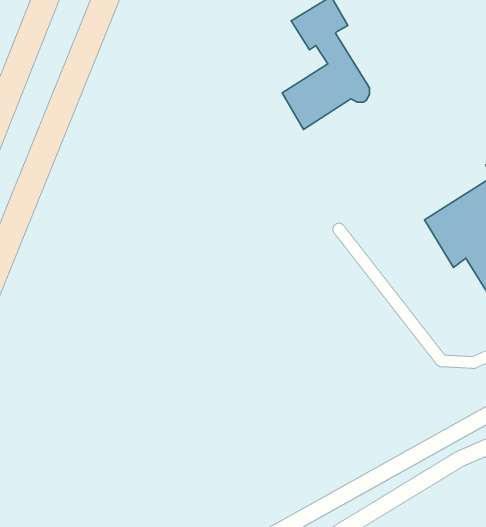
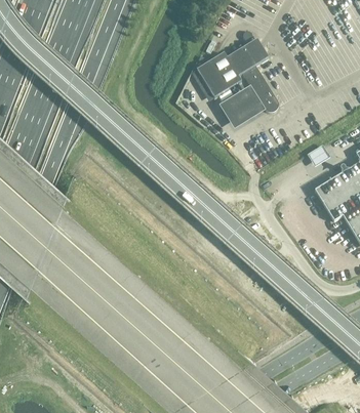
building: none -> [196,57,228,95]

